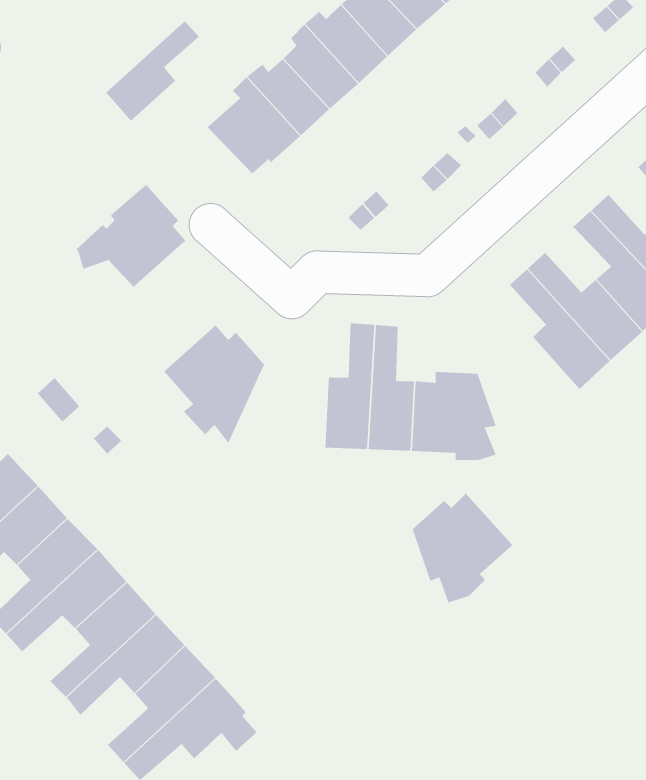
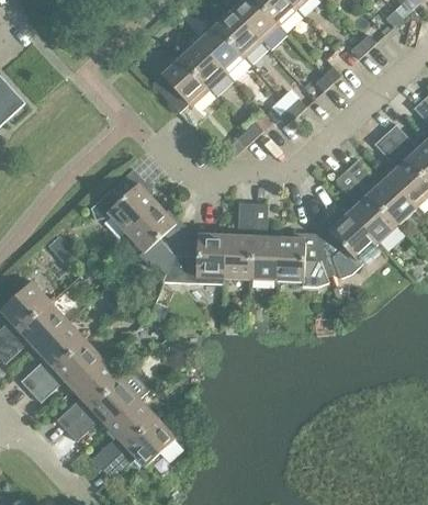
building: [105,21,200,121] -> none
building: [76,184,186,288] -> [90,169,157,232]
building: none -> [161,227,225,284]
building: [412,493,513,603] -> [316,211,378,278]

